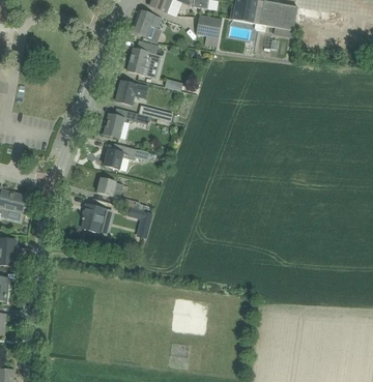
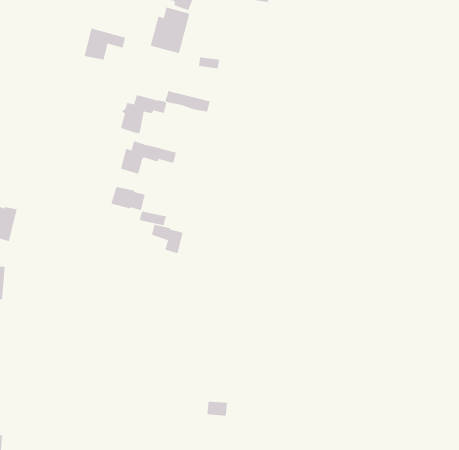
building: [115,80,147,105] -> [84,28,126,60]
building: [81,204,107,233] -> none

